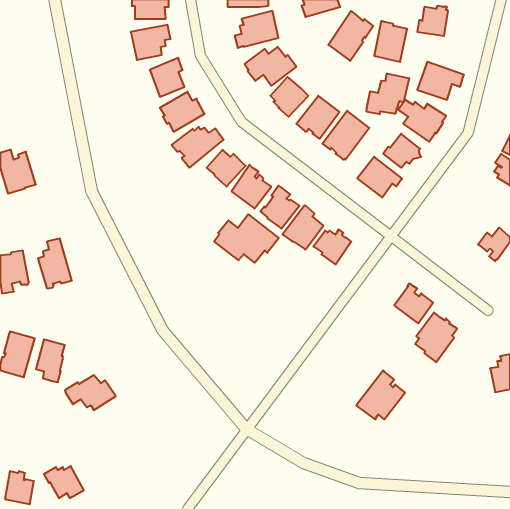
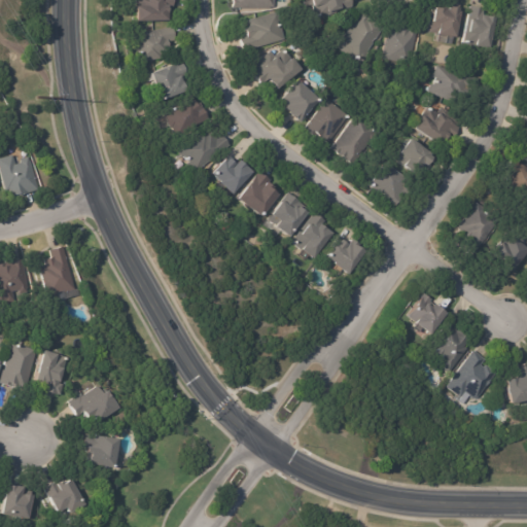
building: none -> [463,5,496,47]
building: [367,73,409,114] -> none
building: none -> [457,203,499,250]
building: [214,214,279,263] -> none
building: [356,370,405,419] -> [446,350,496,400]
building: none -> [84,434,121,468]

